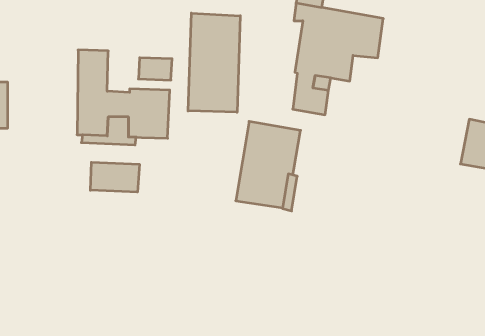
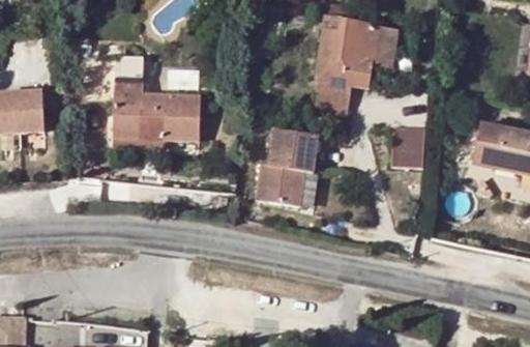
building: [188,13,240,112] -> none
building: none -> [393,128,423,167]
building: [90,162,139,192] -> none

